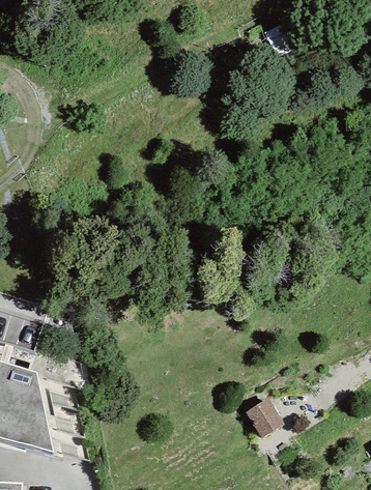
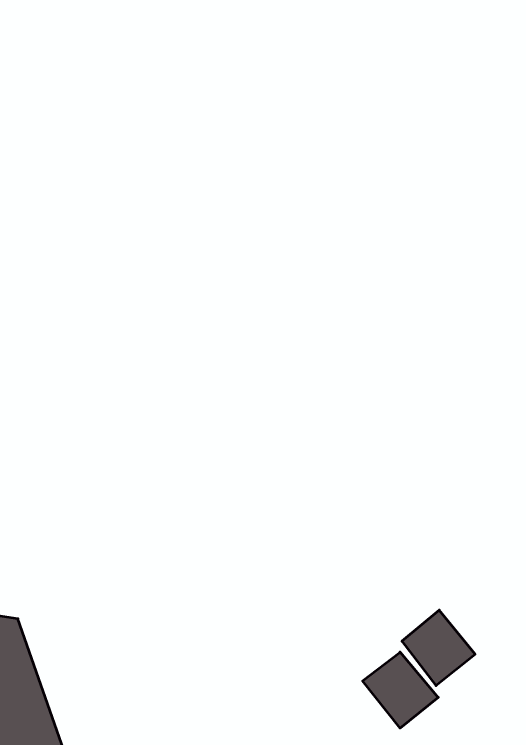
building: none -> [363,652,438,728]

